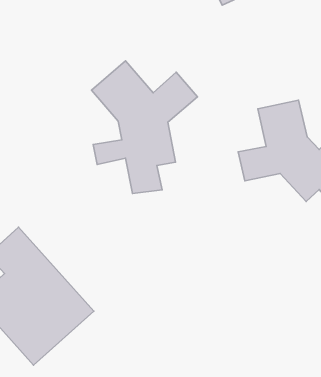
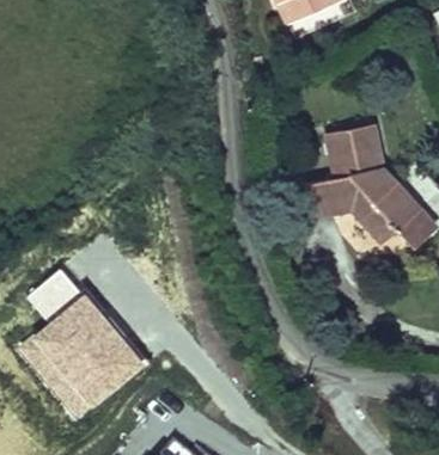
building: [92,61,197,194] -> none

